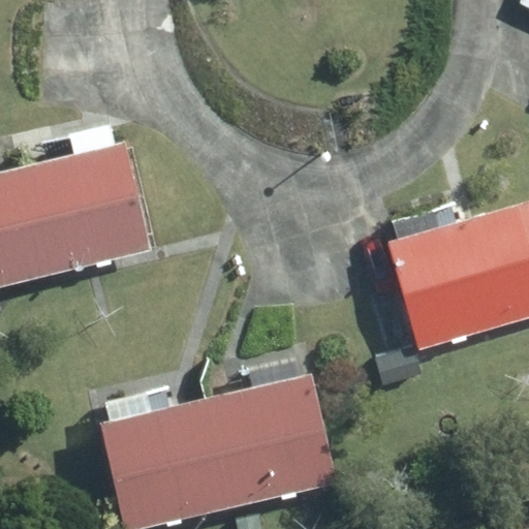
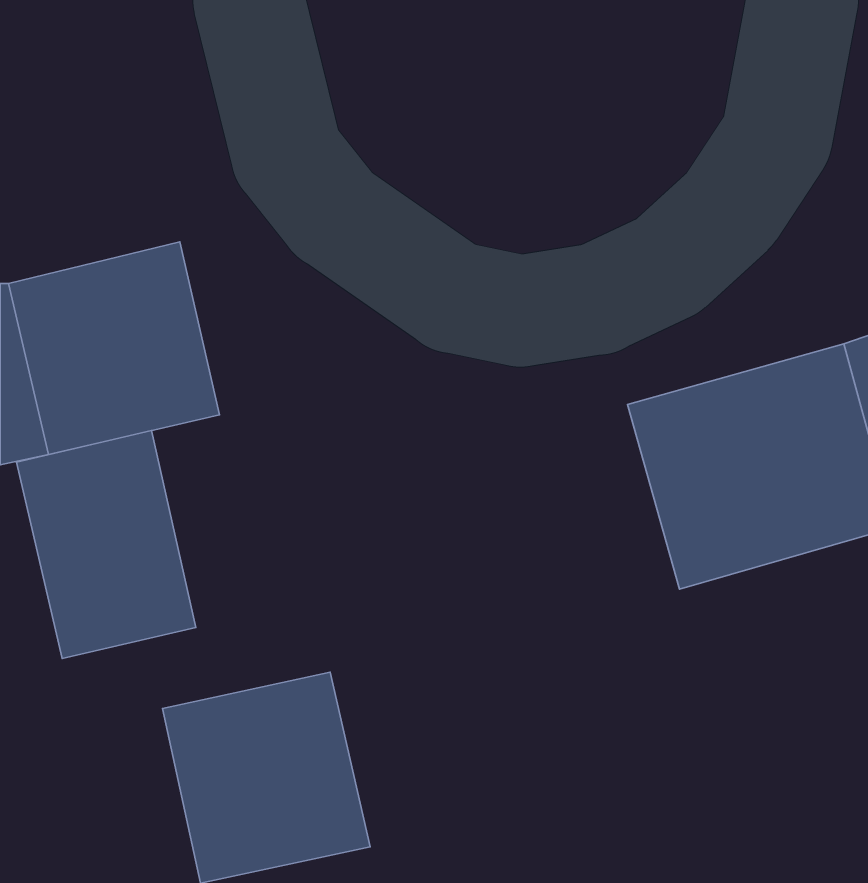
building: none -> [17,431,196,659]
building: [207,379,332,506] -> none

